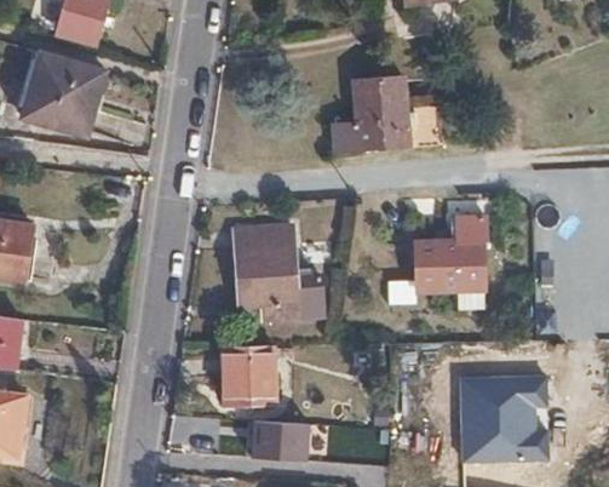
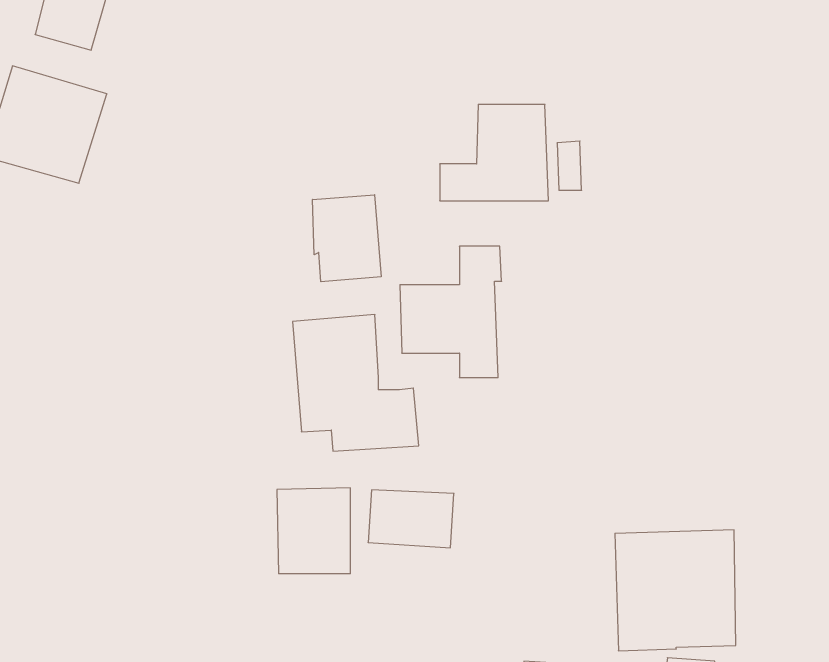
building: none -> [313,195,381,282]
building: [414,216,484,306] -> [400,246,502,378]
building: [249,420,309,460] -> [368,490,454,548]

